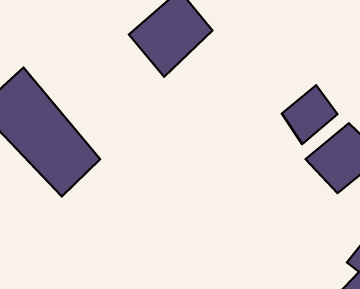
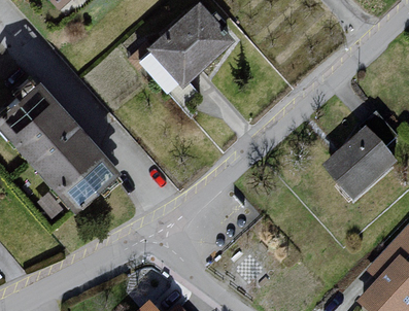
building: [282,85,338,144] -> none

